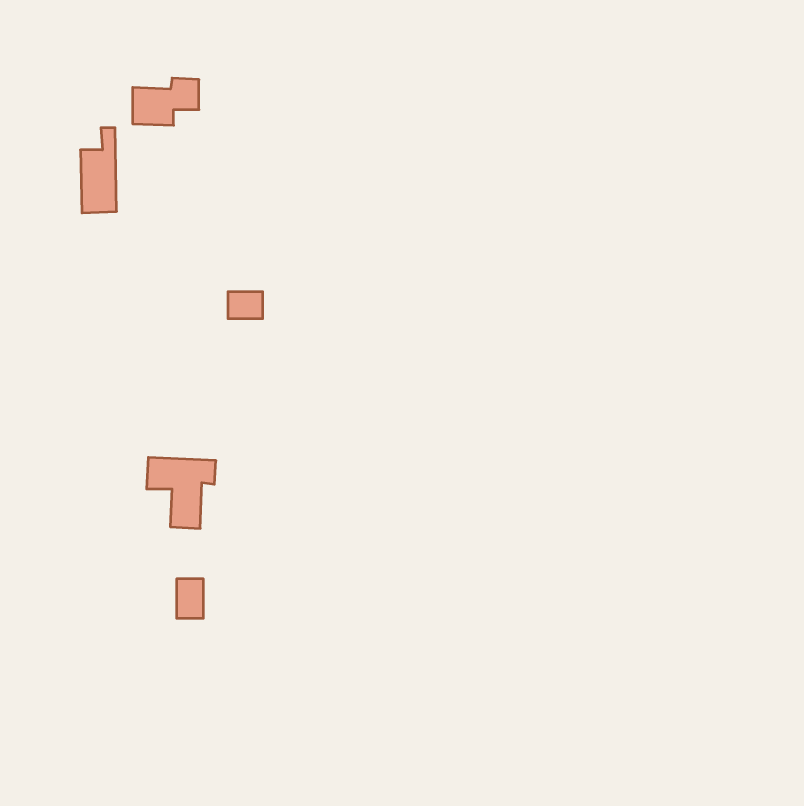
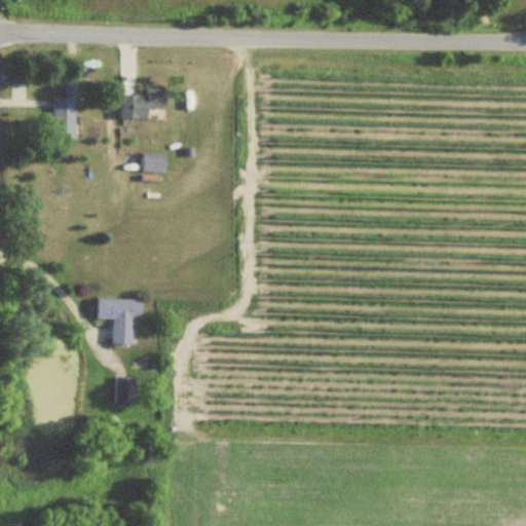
building: [133,78,199,125] -> [122,88,165,119]
building: [228,292,263,319] -> [144,154,166,172]

